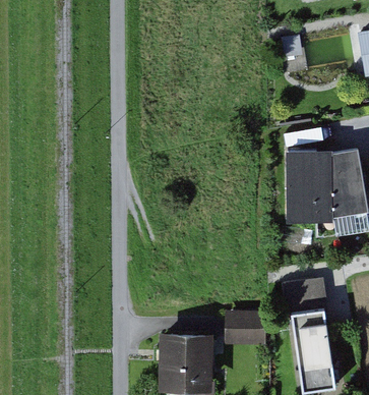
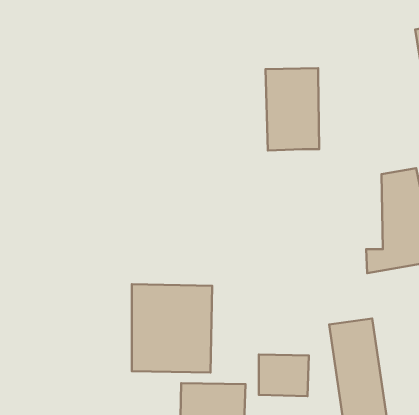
building: [285,151,330,221] -> [265,68,319,150]
building: none -> [132,284,212,373]

